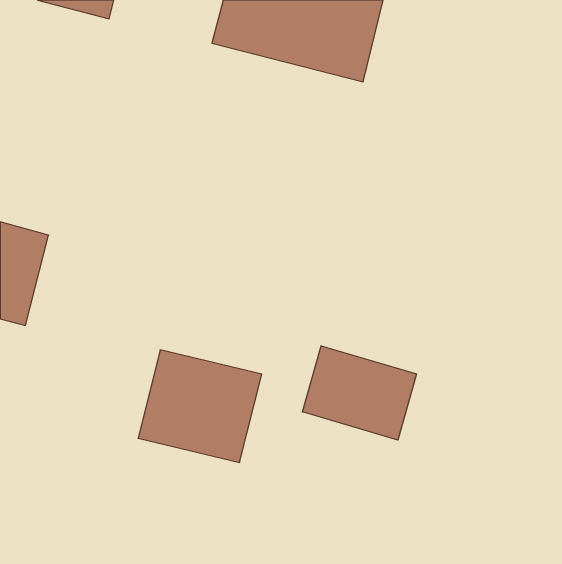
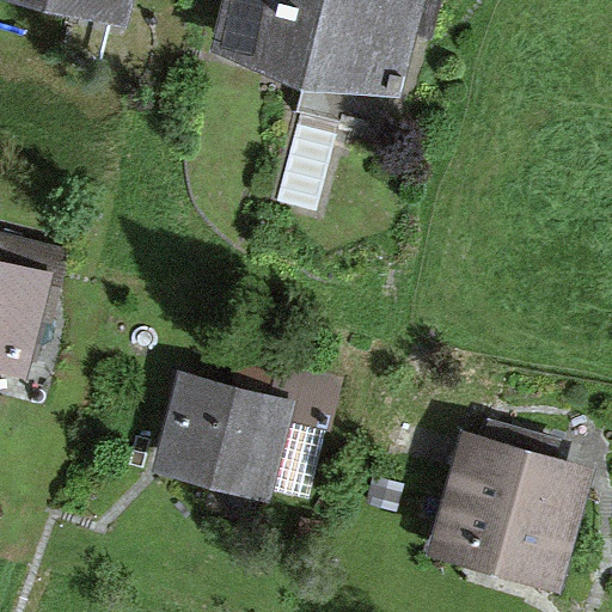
building: [302,346,416,440] -> none
building: none -> [435,435,593,581]

